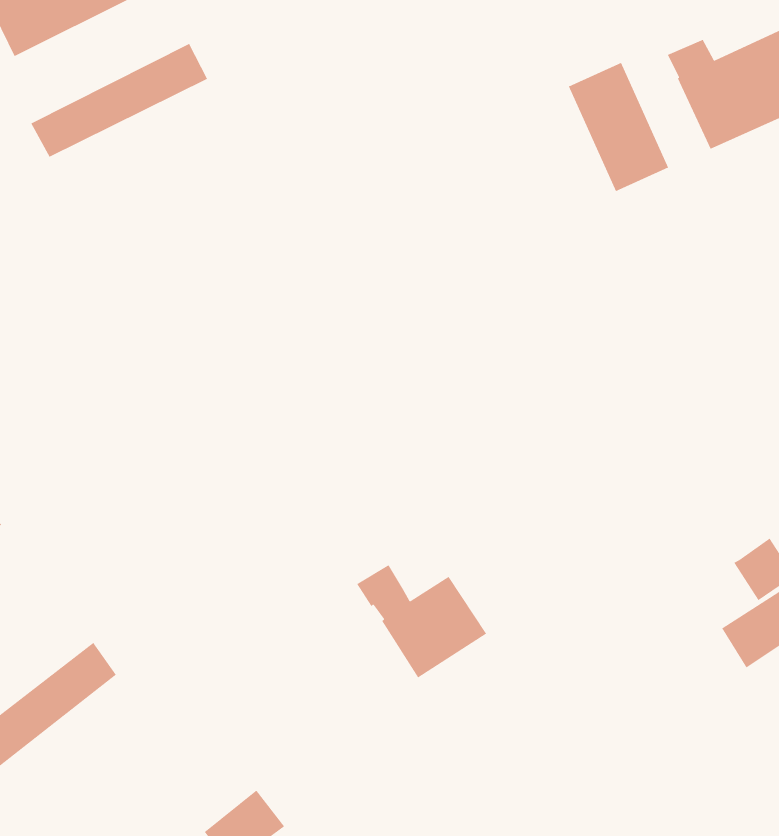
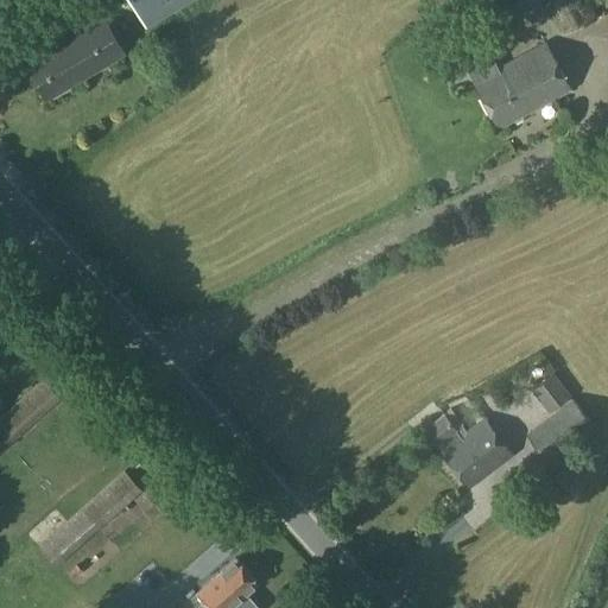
building: [30,43,208,158] -> none
building: [568,62,669,192] -> none
building: [356,564,487,679] -> [425,416,512,488]

